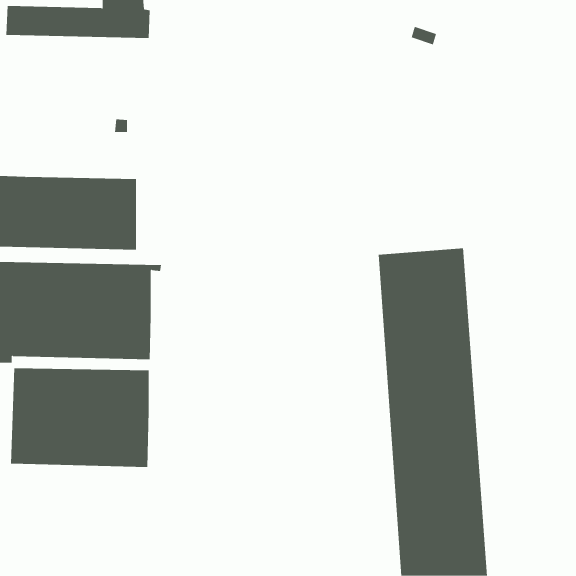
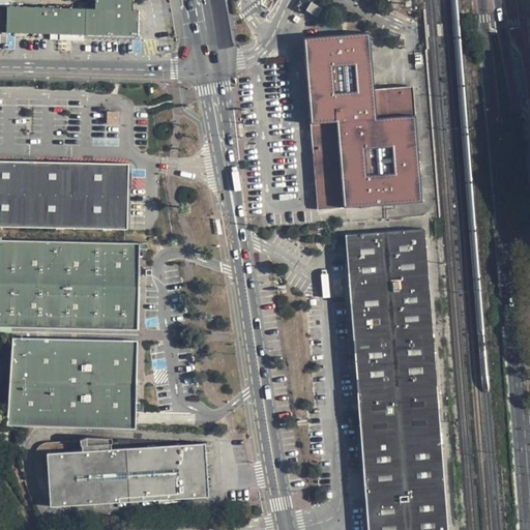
building: none -> [300,31,425,216]
building: none -> [45,437,205,504]

